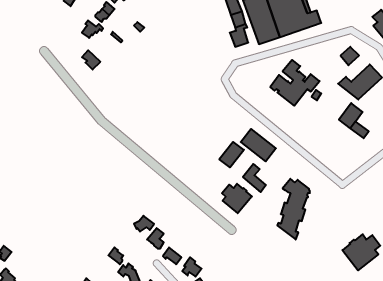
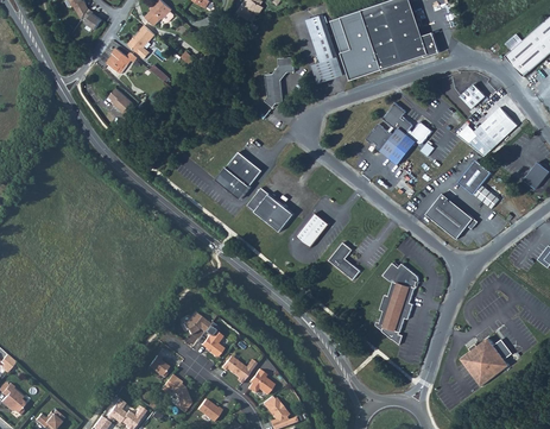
building: none -> [264,57,295,108]
building: none -> [215,152,263,200]
building: none -> [425,194,476,239]
building: [241,129,276,161] -> [247,188,295,232]
building: [222,184,252,213] -> none

